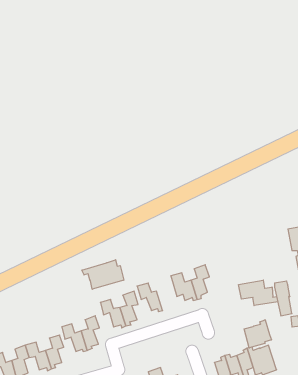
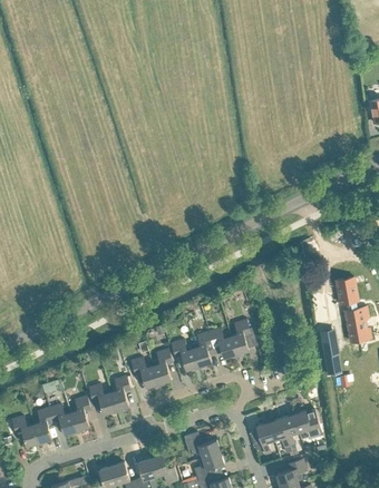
building: [82,260,124,289] -> none
building: none -> [192,332,214,370]
building: [239,280,278,306] -> none
building: [244,320,271,348] -> none

